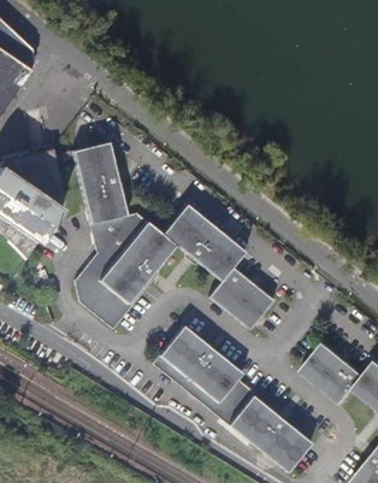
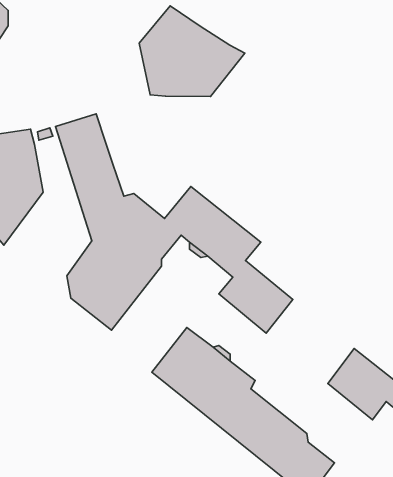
building: none -> [139,6,245,97]

